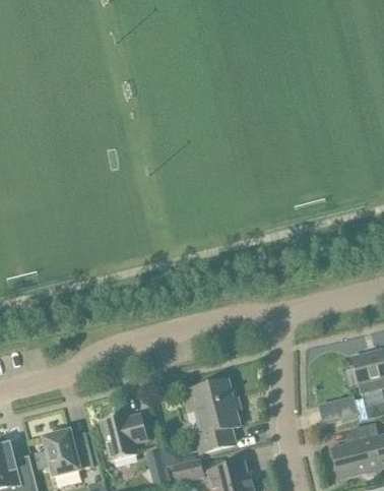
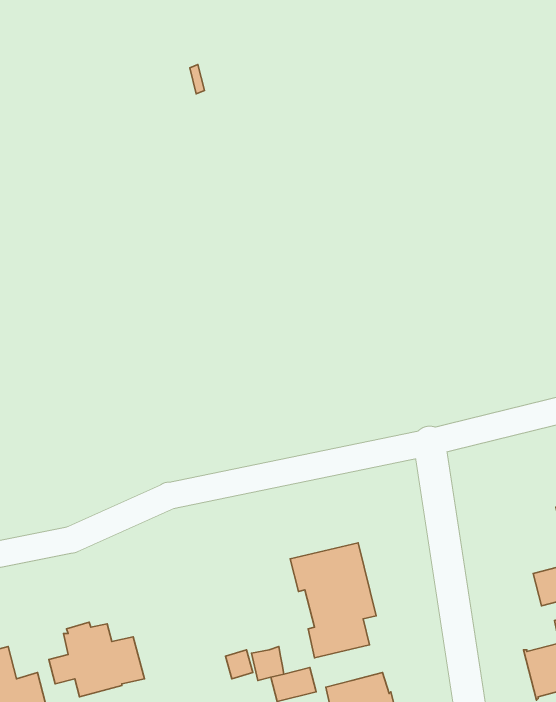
building: [100,413,147,461] -> none

